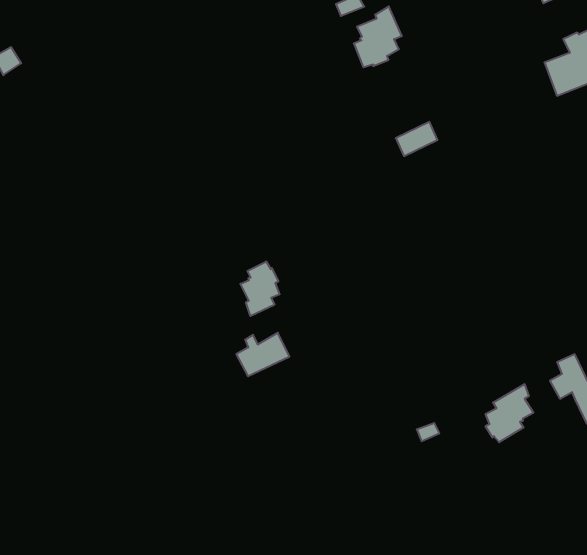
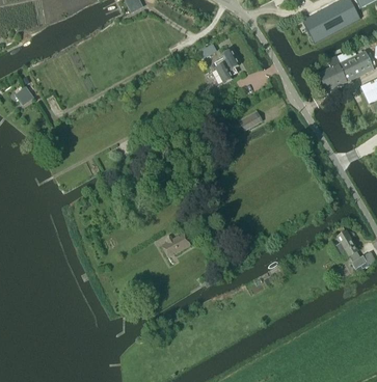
building: [240,261,280,316] -> none
building: [486,384,533,442] -> none

